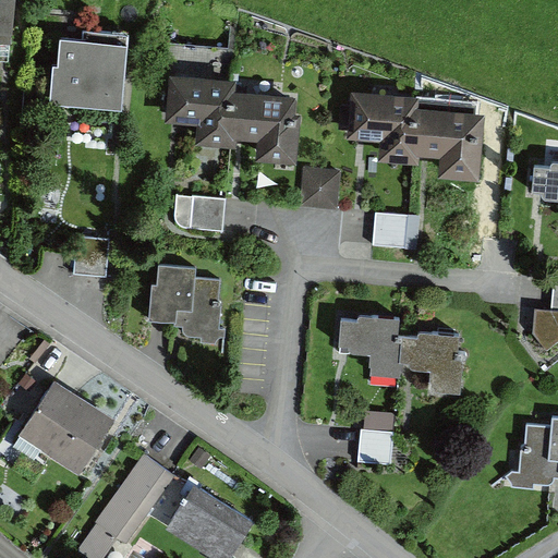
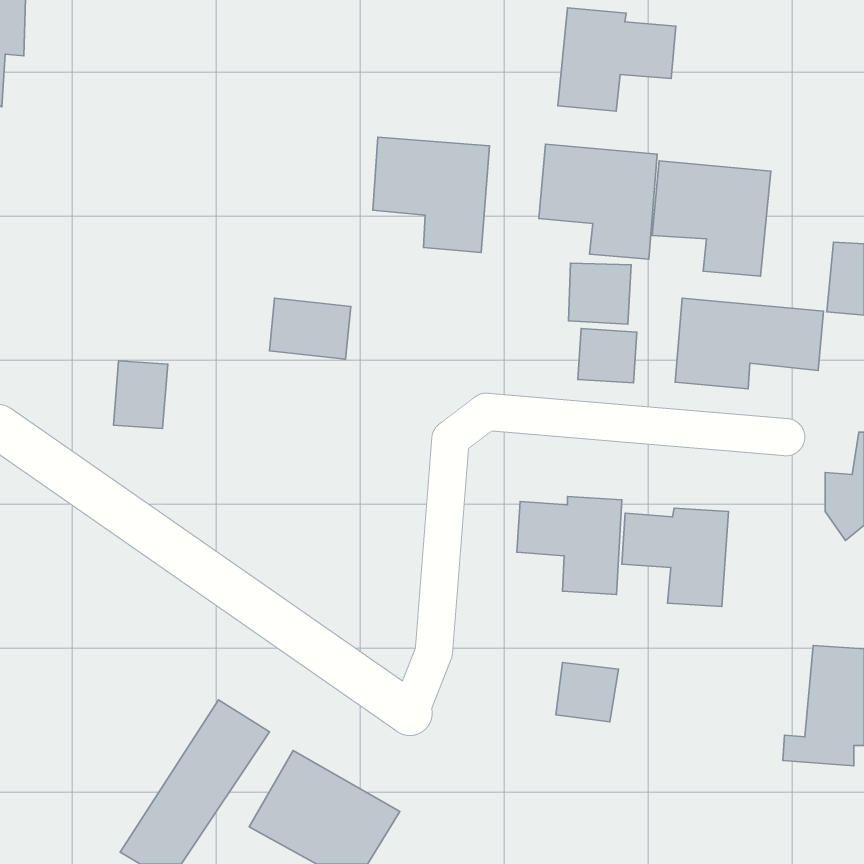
building: none -> [558,8,676,111]
building: [53,33,133,113] -> none
building: [167,74,243,147] -> none
building: [298,169,338,208] -> [569,263,631,324]
building: none -> [675,298,824,389]
building: [153,267,220,331] -> none
building: [16,381,114,477] -> none

